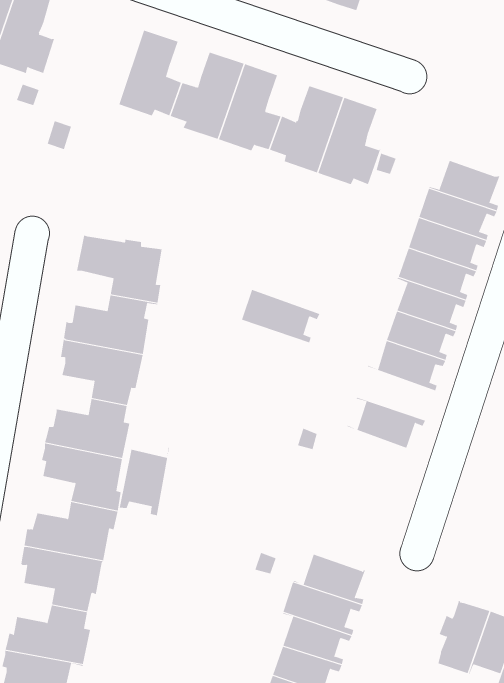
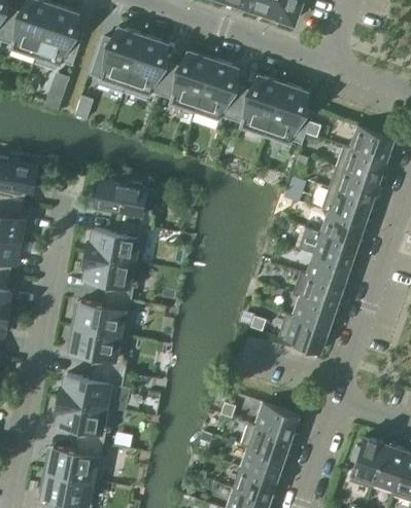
building: none -> [91,27,142,87]
building: [241,289,320,343] -> [293,271,348,310]
building: none -> [277,314,328,352]
building: [119,447,170,516] -> none

